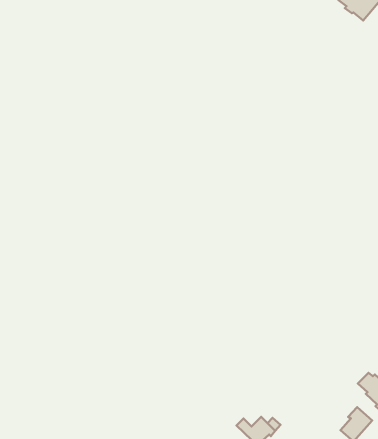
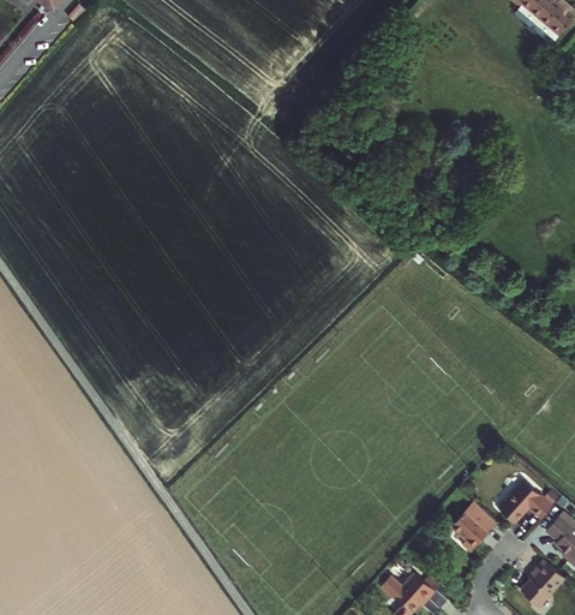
building: none -> [497,480,550,523]
building: none -> [449,501,495,551]

